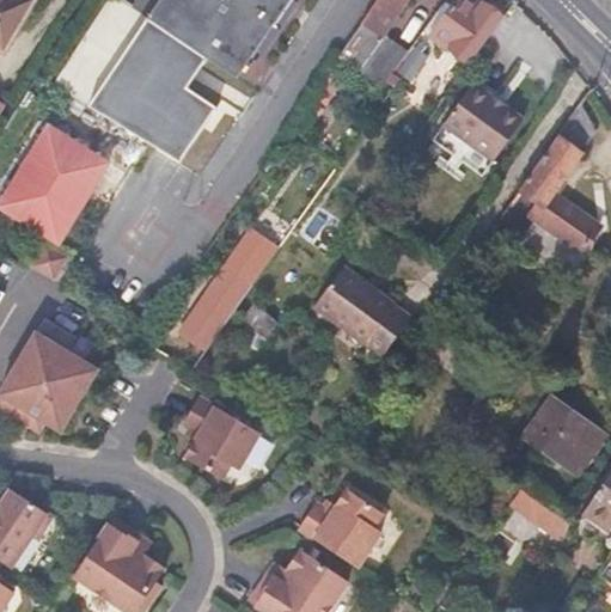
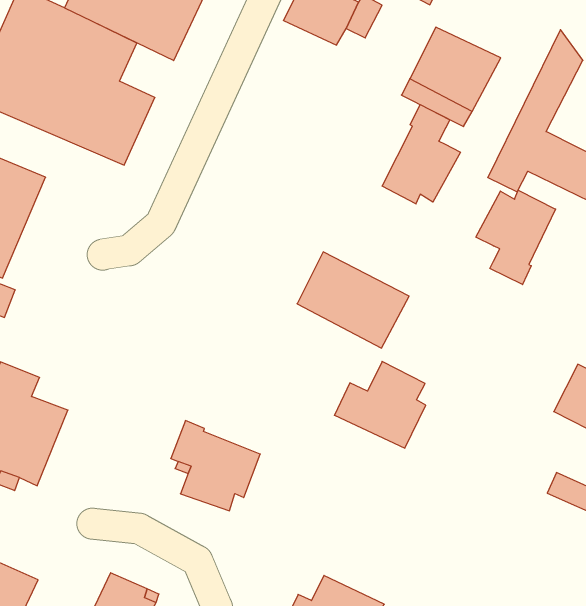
building: none -> [382,105,460,204]
building: [173,226,277,353] -> none
building: none -> [476,190,556,285]
building: [300,488,384,567] -> [334,361,426,448]

